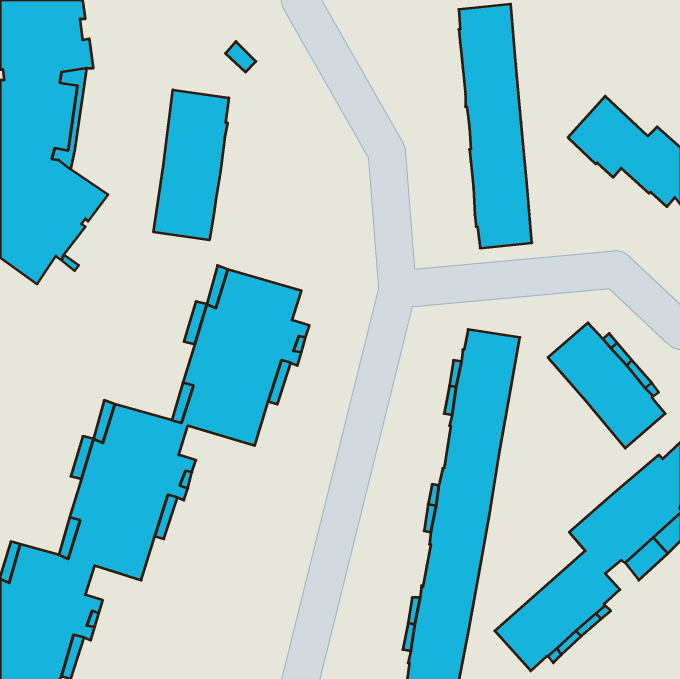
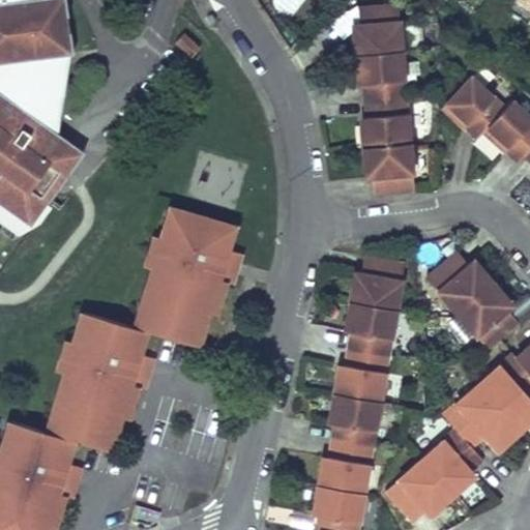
building: [154,90,229,240] -> none

